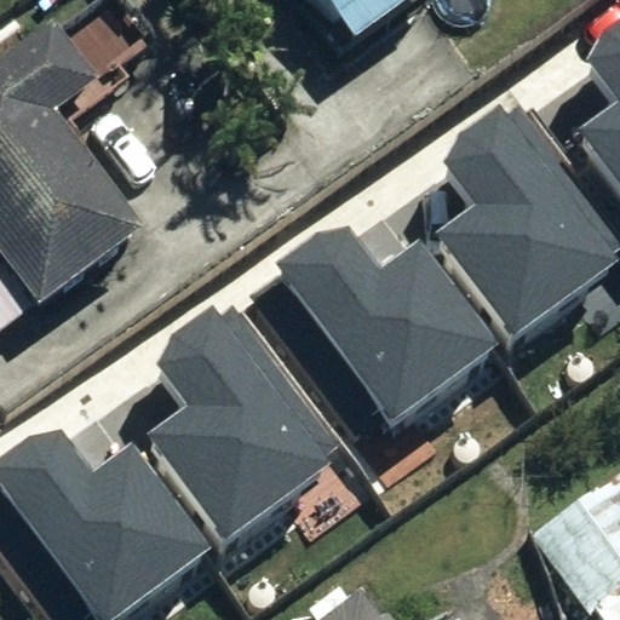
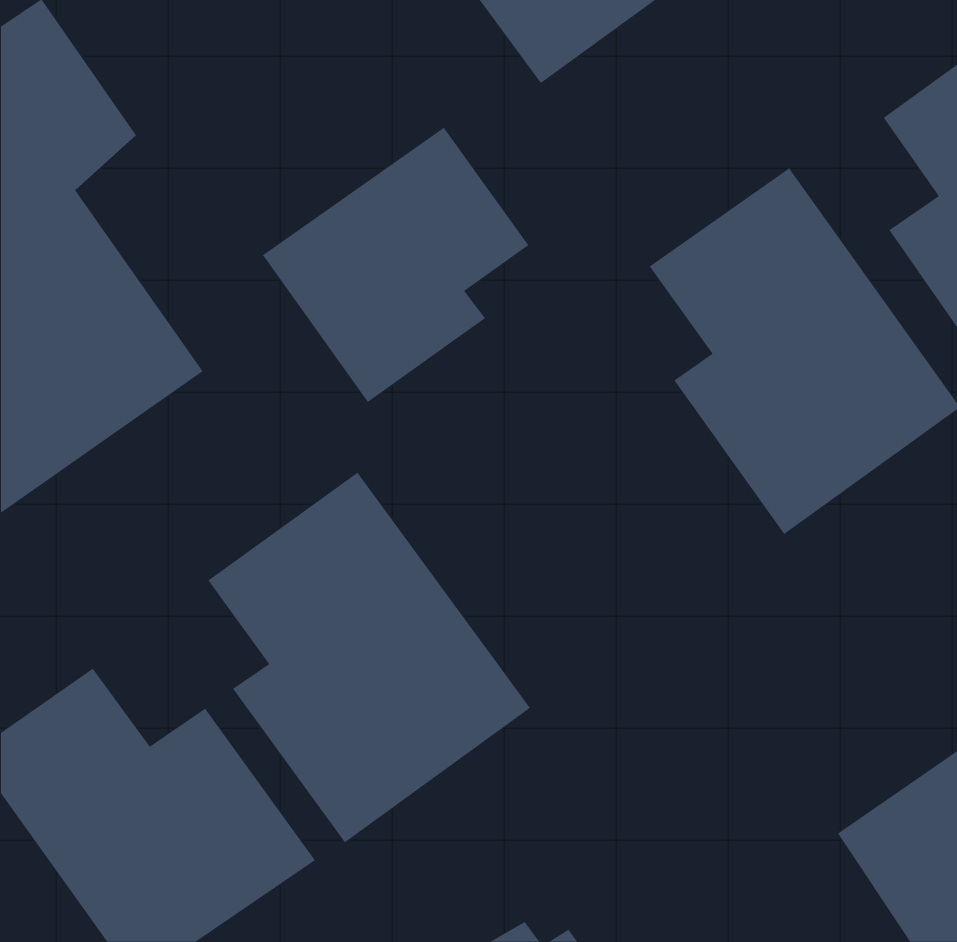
building: none -> [262,127,529,403]
building: [279,234,490,429] -> none

